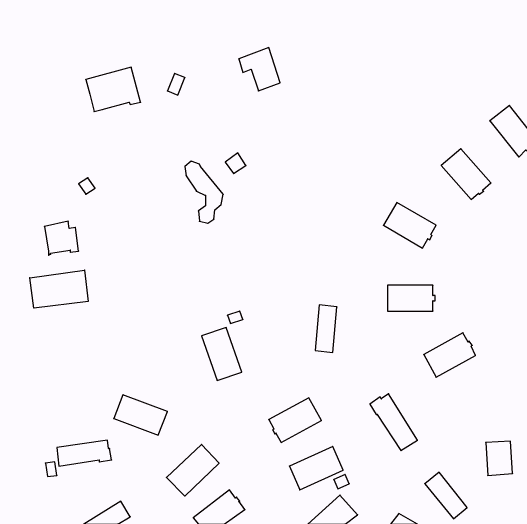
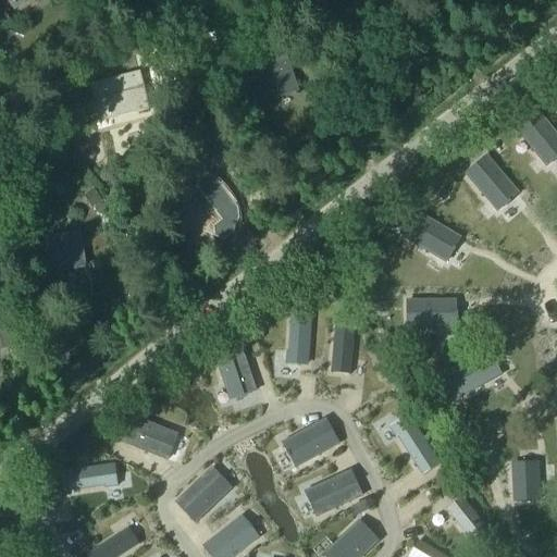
building: [30,270,88,308] -> none
building: none -> [288,308,312,363]

